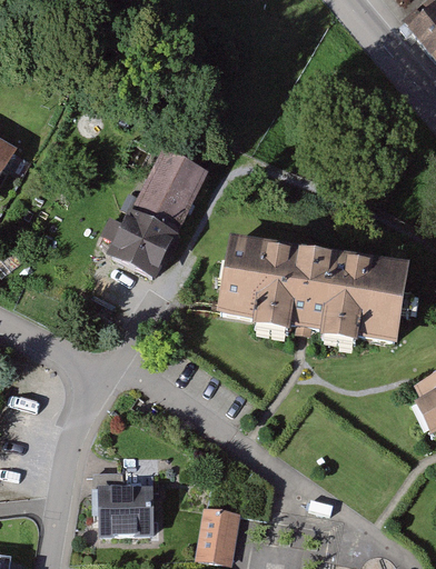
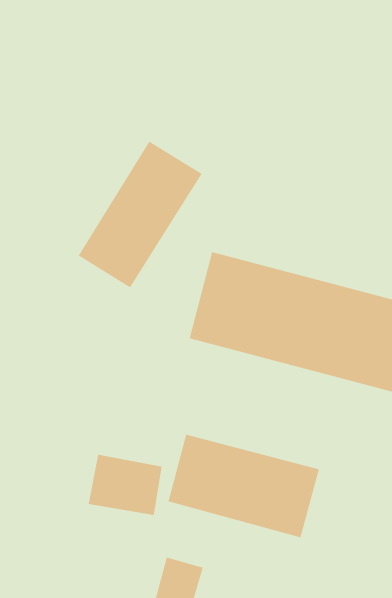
building: none -> [168,434,320,538]
building: [96,485,157,532] -> [88,454,163,516]

